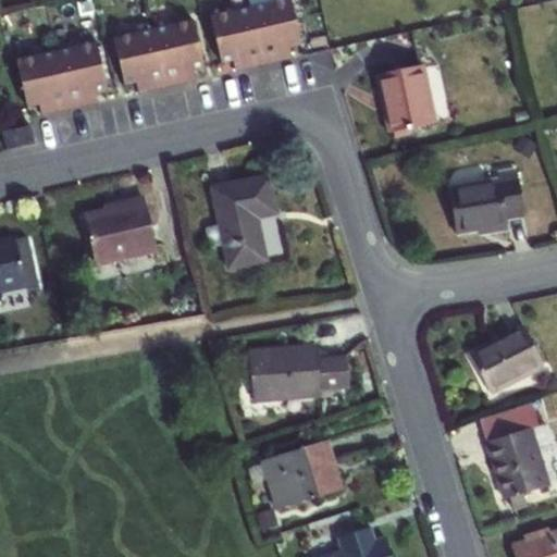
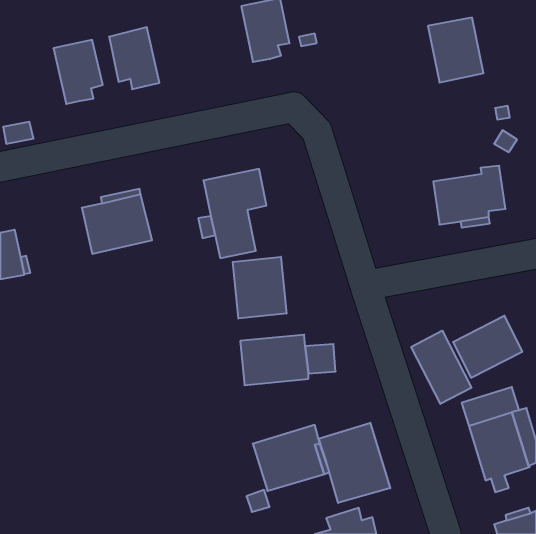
building: [210,7,262,71] -> none
building: [152,20,203,86] -> none
building: [15,50,69,114] -> none
building: [376,65,434,133] -> [428,18,484,83]
building: none -> [233,257,286,319]
building: none -> [411,331,471,404]
building: none -> [319,423,390,503]

